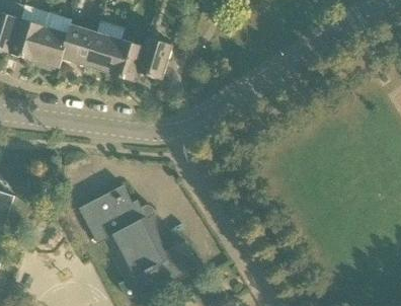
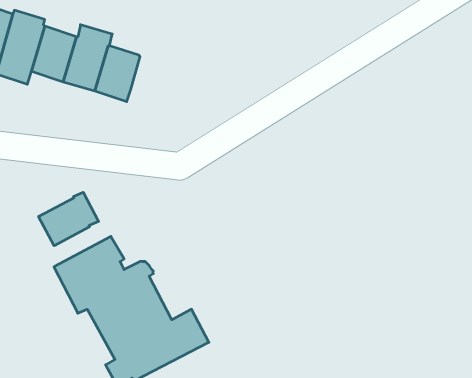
building: [137,36,172,79] -> none
building: none -> [39,192,99,246]

